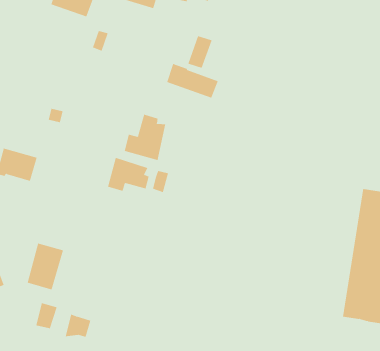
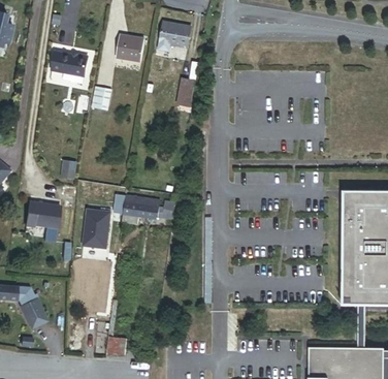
building: [166,63,218,98] -> none
building: [124,114,166,161] -> none
building: [27,243,64,290] -> [82,209,109,248]

